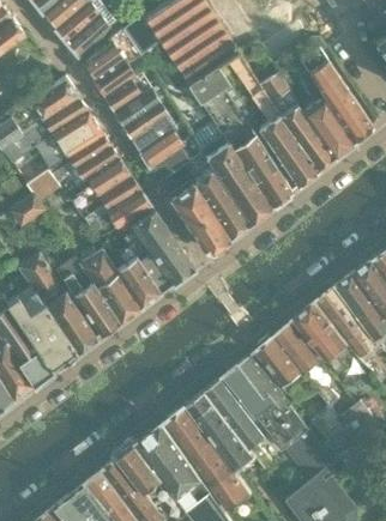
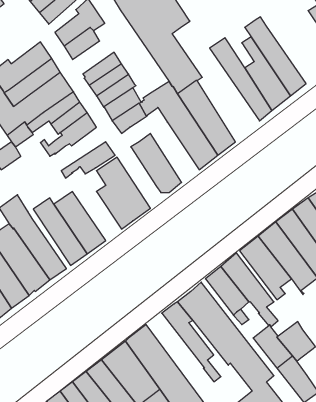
building: [227,54,318,187] -> none
building: [102,73,150,115] -> none
building: [192,170,248,240] -> none
building: [84,176,140,226] -> none
building: [98,241,158,307] -> none
building: [187,390,254,468] -> none

